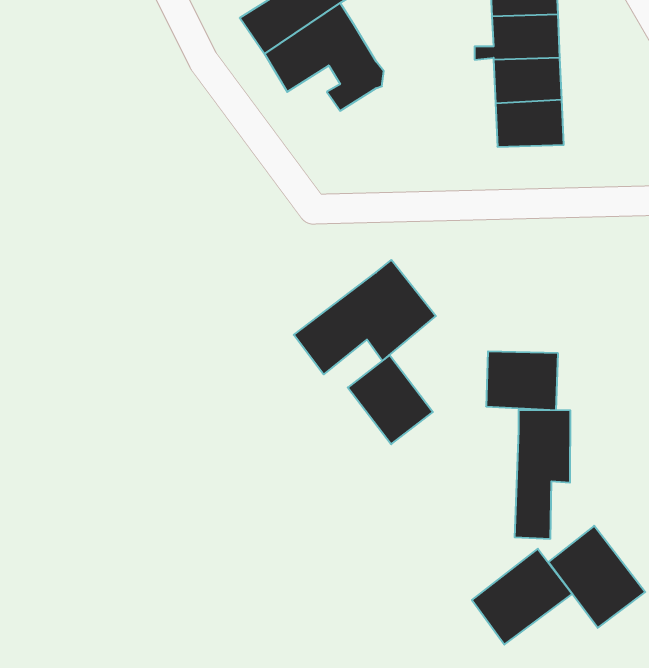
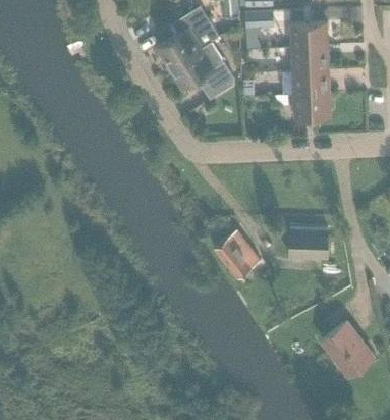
building: [294,260,436,374] -> none
building: [515,410,570,539] -> none
building: [472,549,572,645] -> none

